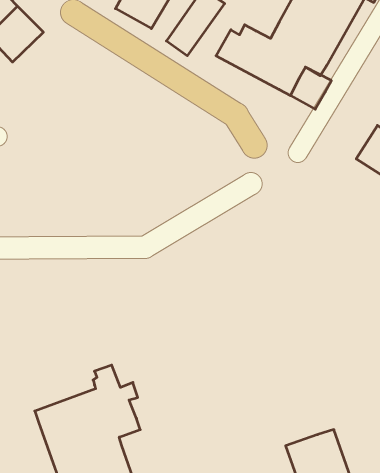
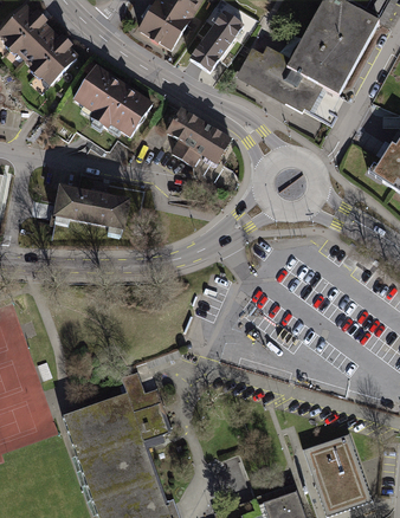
building: none -> [78,70,154,140]
building: none -> [168,111,230,167]
building: none -> [52,186,125,226]

